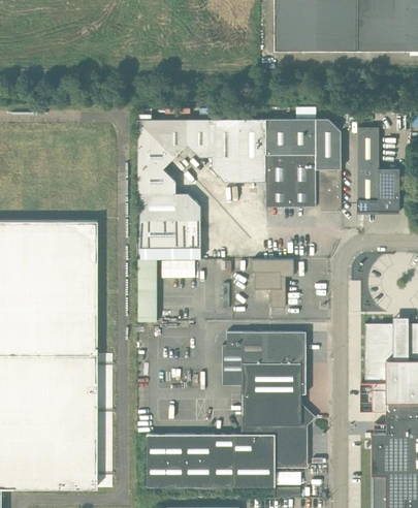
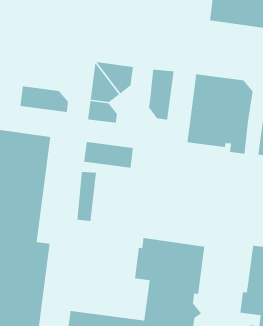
building: [239,119,266,182] -> none
building: [188,120,213,157] -> none
building: [140,194,201,221] -> [19,86,69,113]
building: [163,260,197,278] -> none
building: [253,260,294,307] -> none

